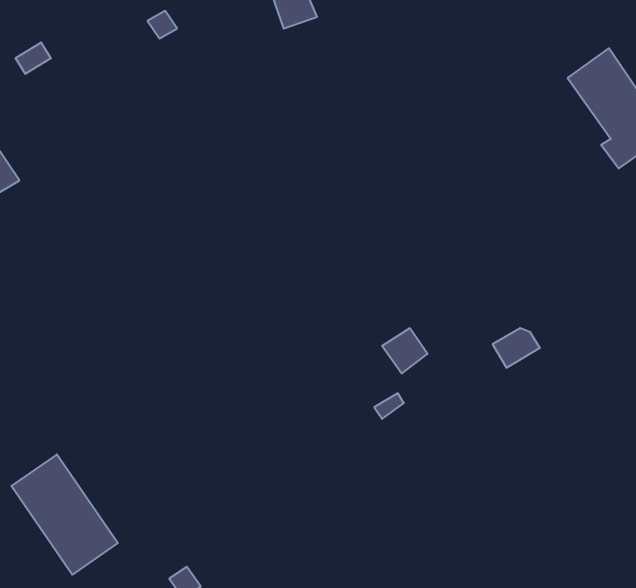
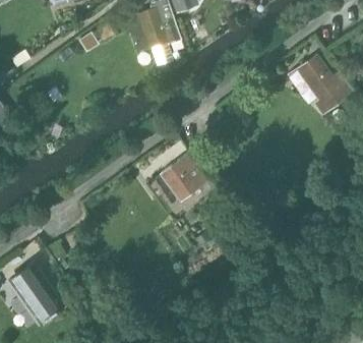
building: none -> [161,154,207,201]

